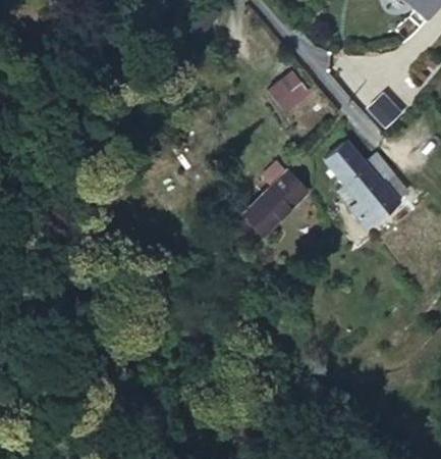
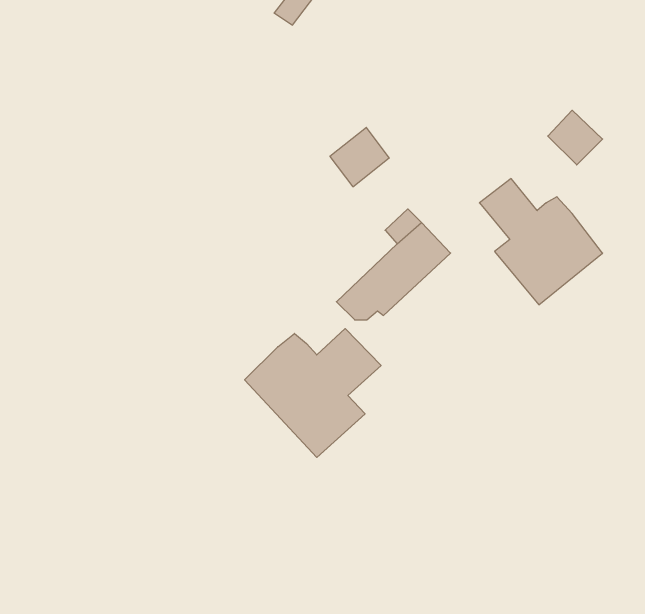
building: [270,71,310,111] -> [330,127,389,187]
building: none -> [245,329,381,457]

